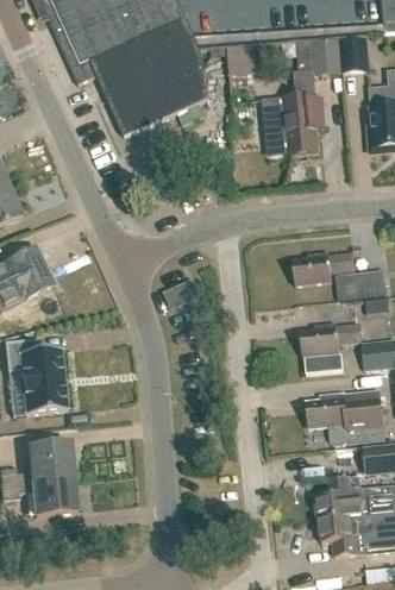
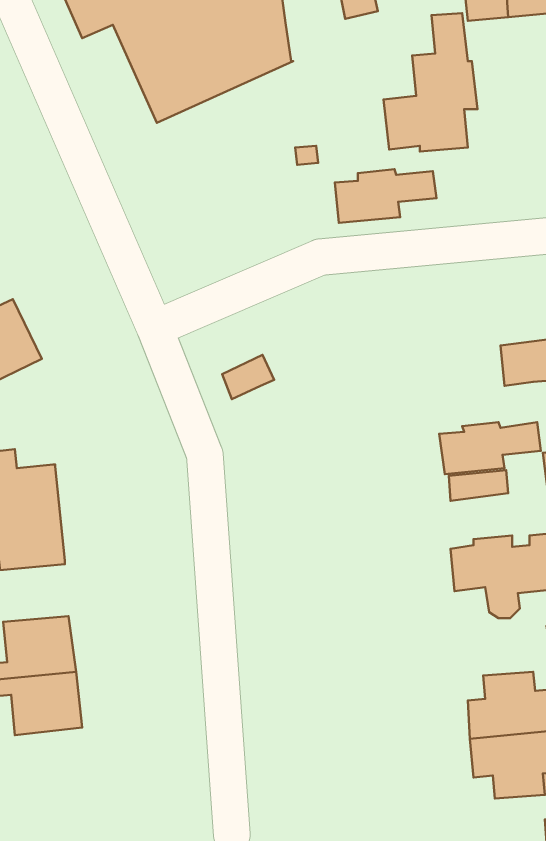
building: [291,251,355,284] -> [335,169,437,223]

